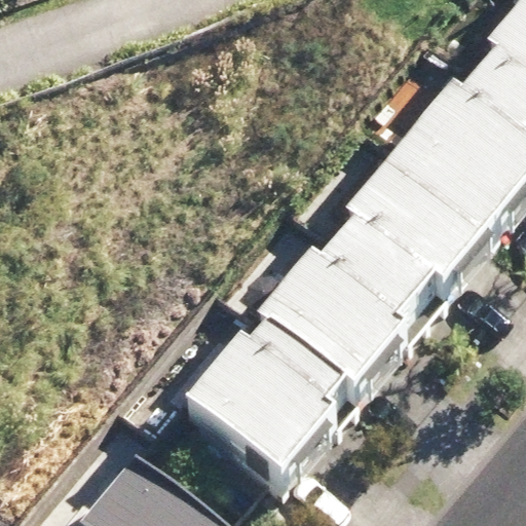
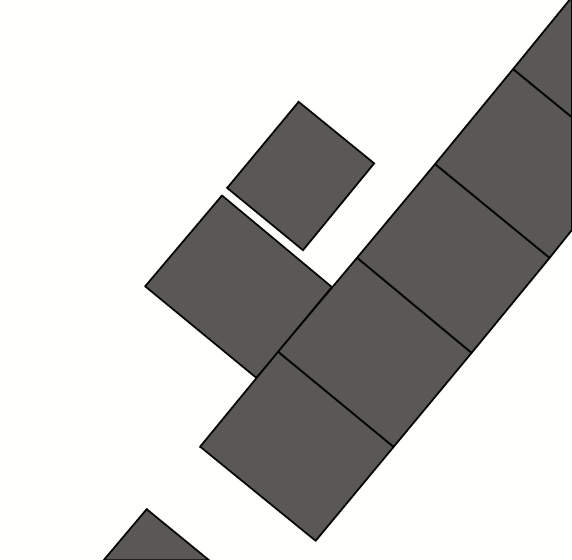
building: none -> [227,102,374,250]
building: none -> [145,196,332,378]

